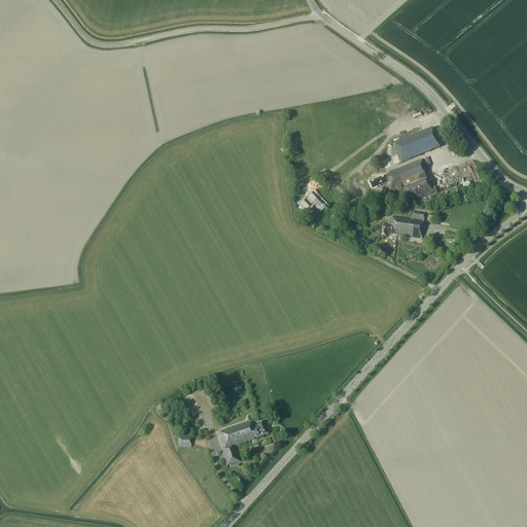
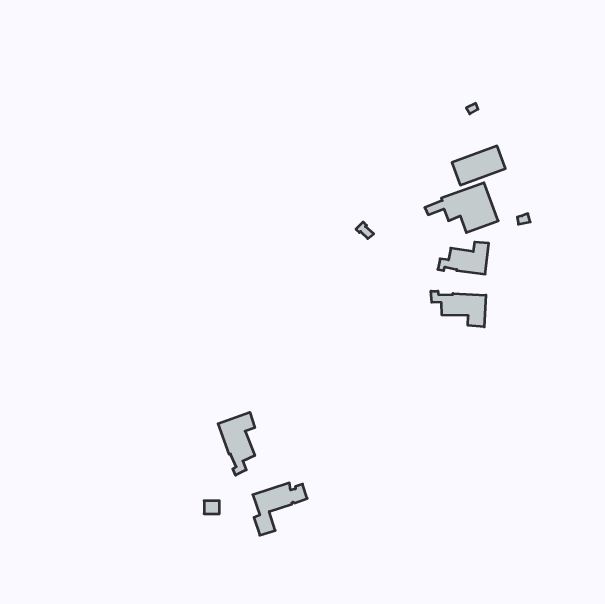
building: none -> [431,291,486,327]
building: none -> [218,412,255,475]

